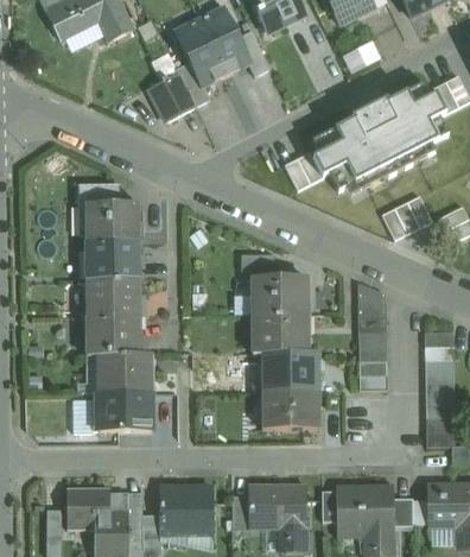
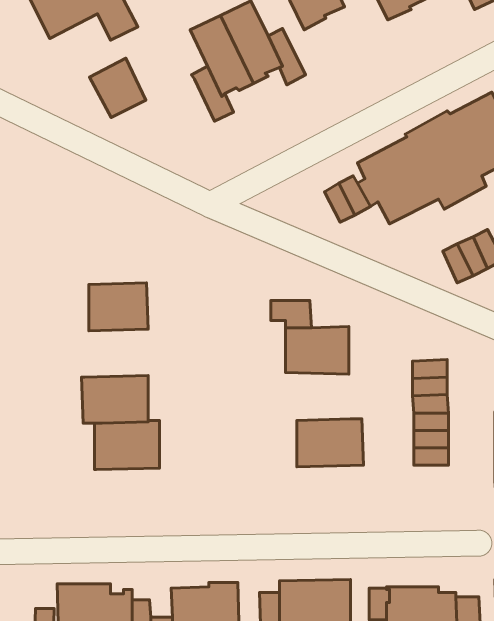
building: [148,72,195,121] -> [90,58,146,118]
building: [78,185,139,241] -> none
building: [87,278,139,317] -> none
building: [258,315,306,353] -> none
building: [261,390,317,429] -> none
building: [97,392,151,429] -> none

